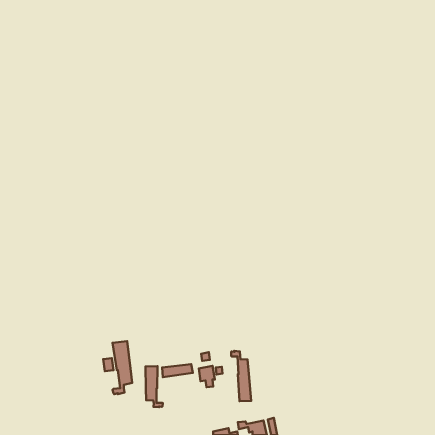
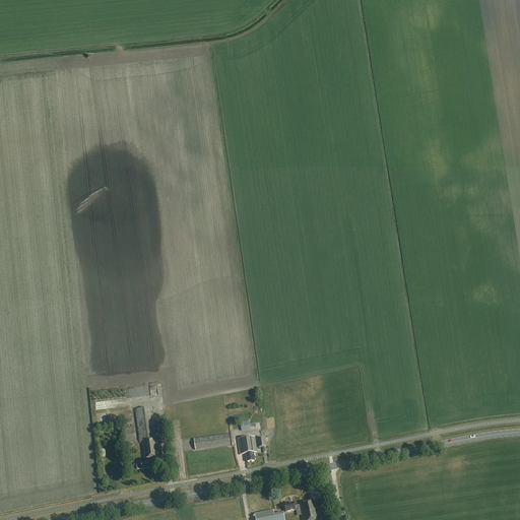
building: [231,351,251,401] -> none
building: [146,366,163,407] -> none

